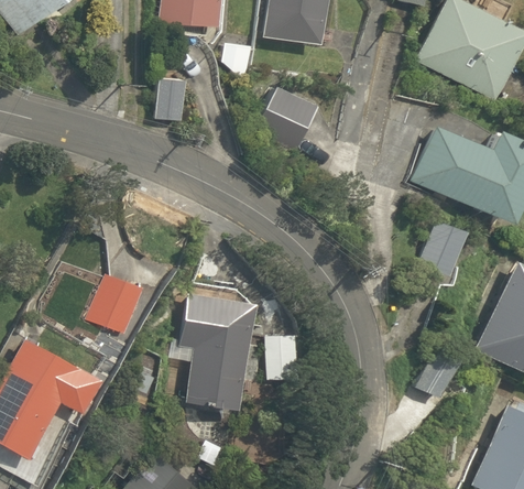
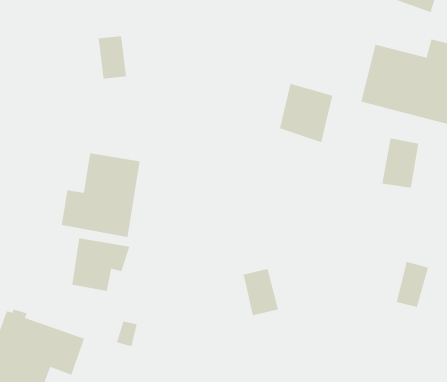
building: [259,87,318,152] -> [279,83,333,143]
building: none -> [61,152,140,238]
building: [178,293,256,411] -> none

